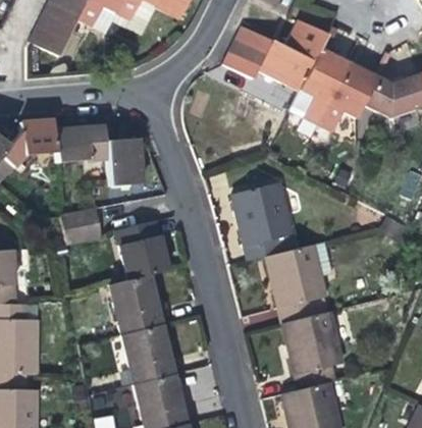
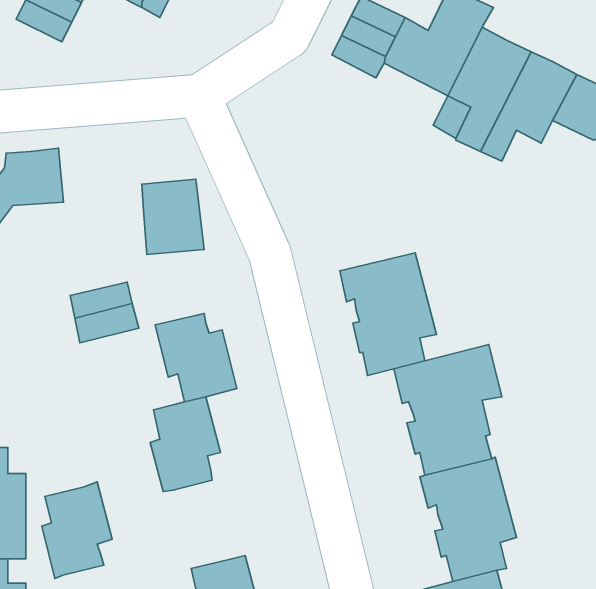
building: [57,126,109,164] -> none
building: [125,324,169,384] -> [42,482,112,578]

